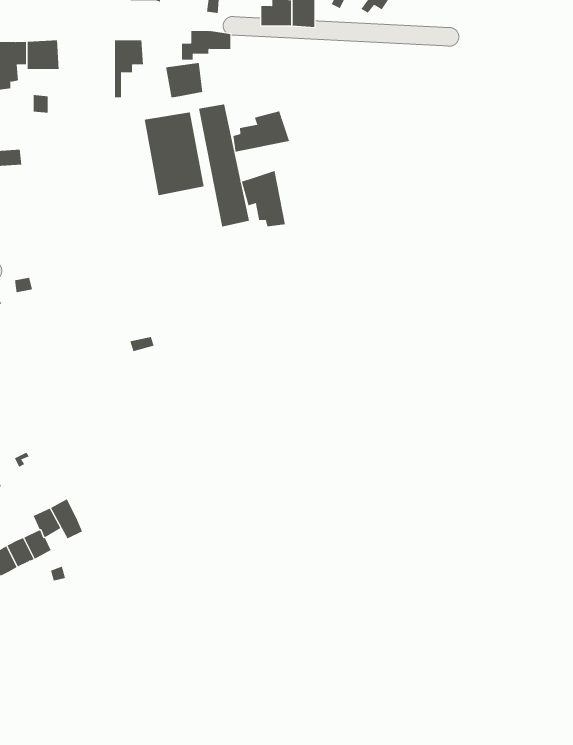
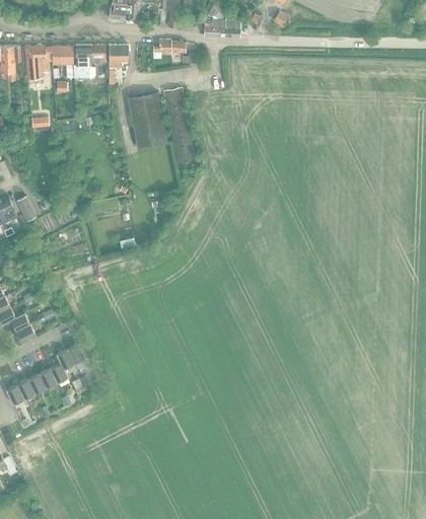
building: none -> [72,45,104,77]
building: [165,62,203,98] -> none
building: [233,111,290,152] -> none
building: [241,170,286,227] -> none

